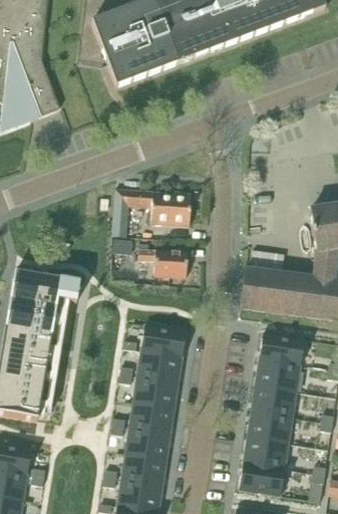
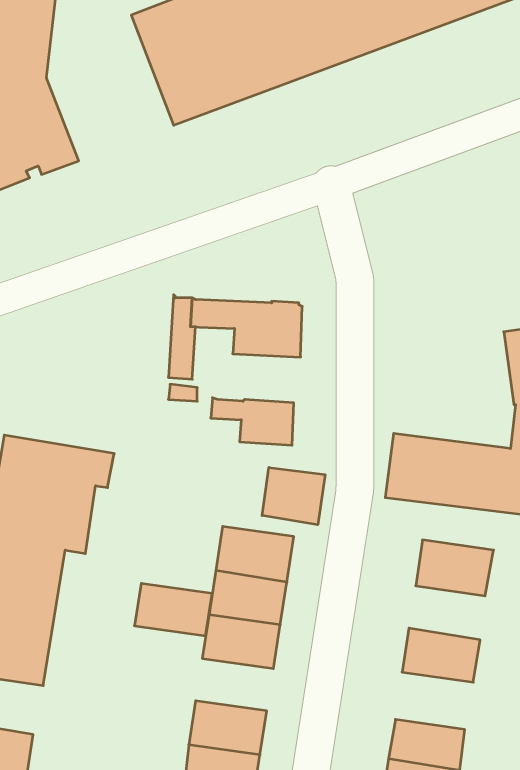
building: none -> [262,467,325,525]
building: [255,359,300,392] -> none
building: [128,403,175,434] -> [134,583,212,636]
building: [247,411,293,445] -> none

